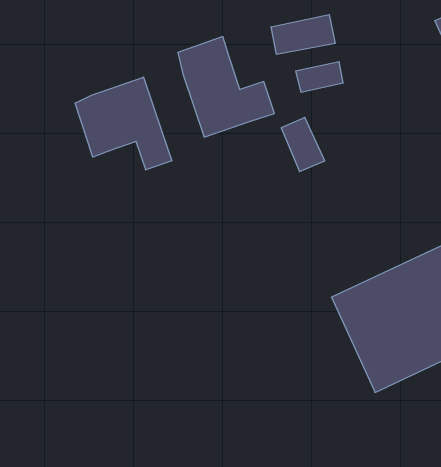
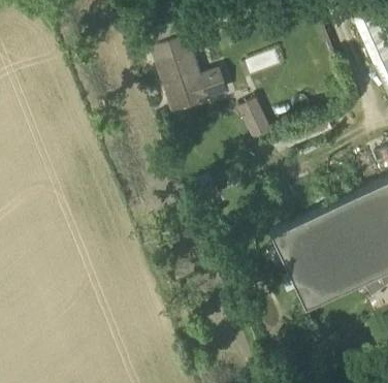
building: [271,15,335,54] -> none
building: [75,77,172,170] -> none

